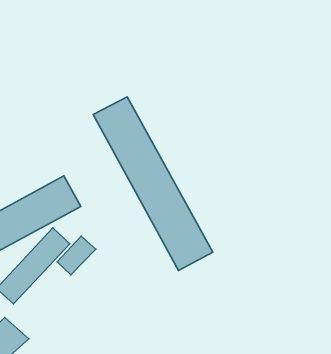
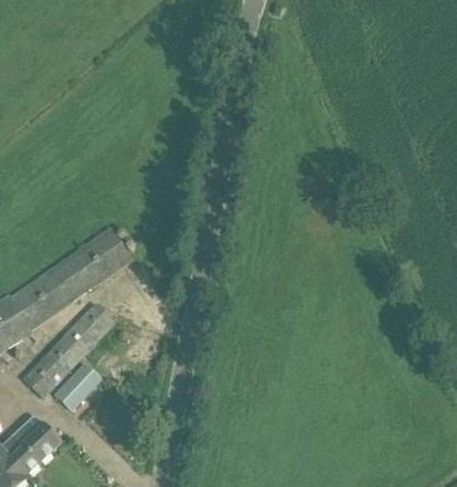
building: [93,97,213,270] -> none
building: [57,236,96,275] -> [56,361,105,410]

